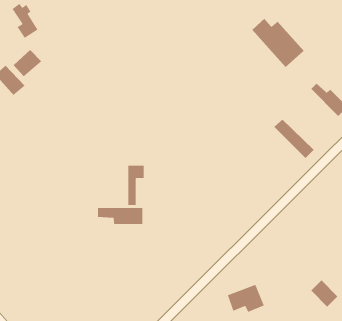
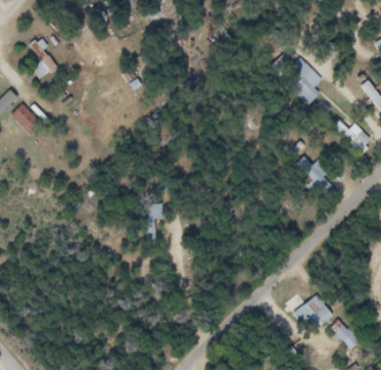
building: [13,49,42,77] -> none
building: [97,207,143,225] -> none
building: [227,284,265,313] -> [293,297,332,327]

